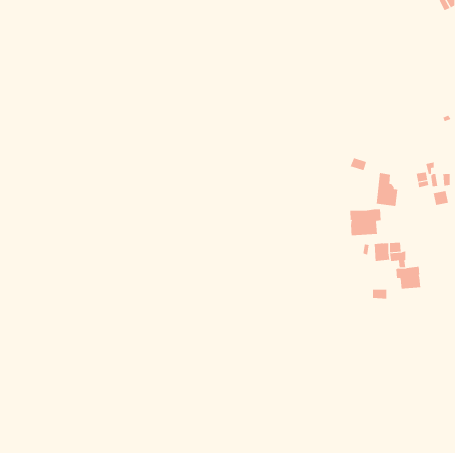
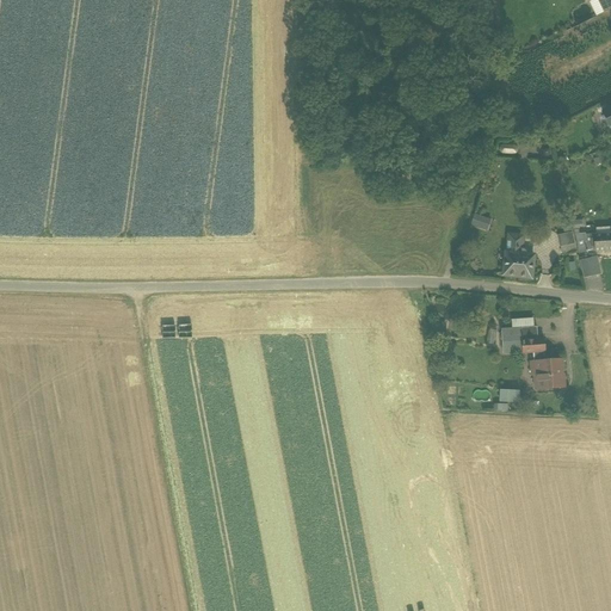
building: [350,209,381,236] -> none

